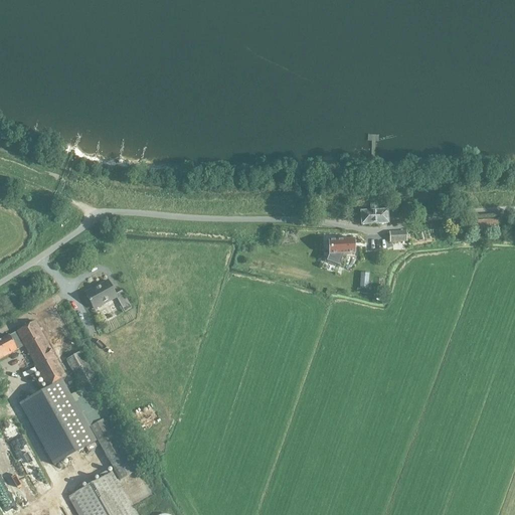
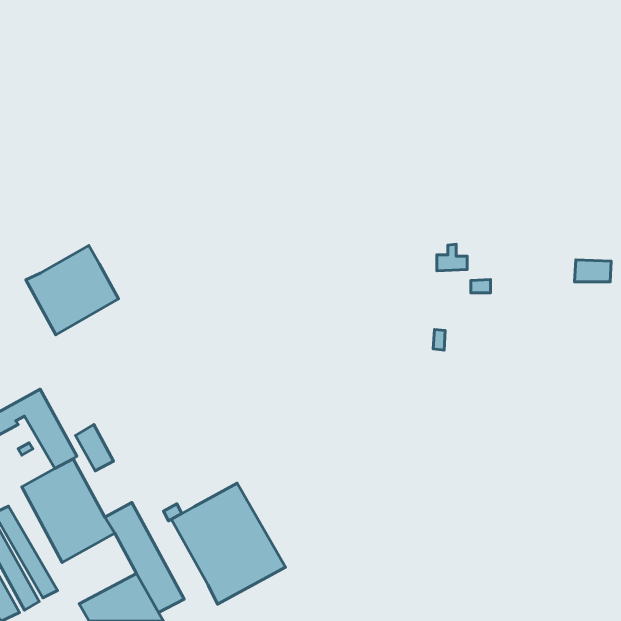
building: none -> [26,245,118,335]
building: [325,237,355,267] -> none
building: [83,280,130,311] -> none
building: none -> [171,483,285,604]

